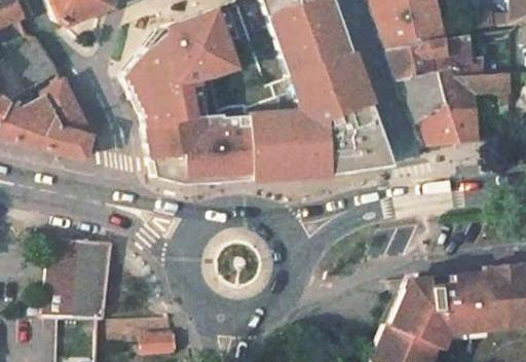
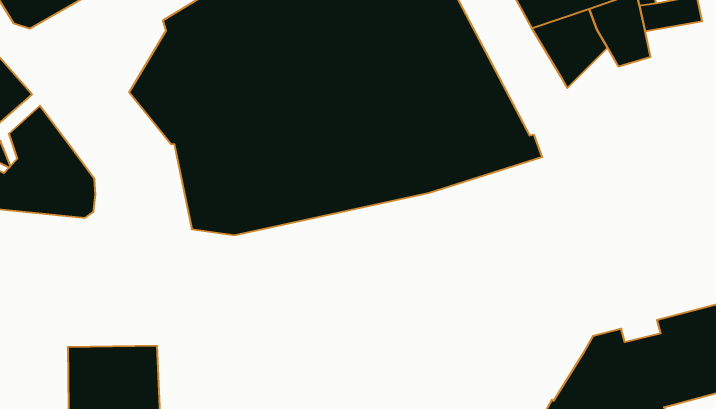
building: [417,96,479,145] -> none

